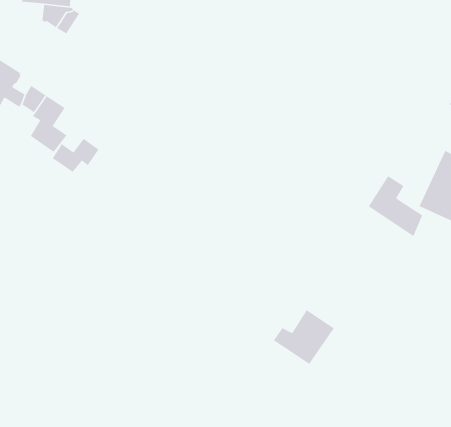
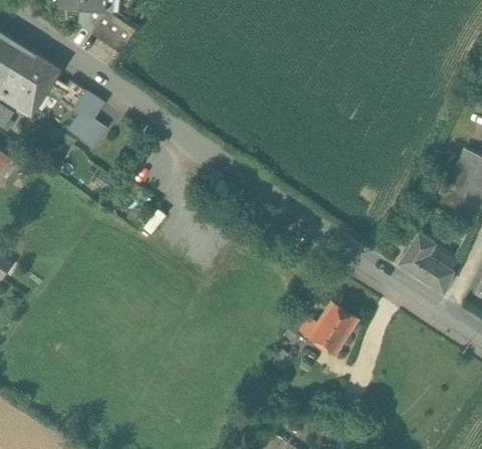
building: none -> [102,16,136,51]
building: [52,138,99,173] -> none
building: [368,175,423,237] -> [401,231,454,290]

